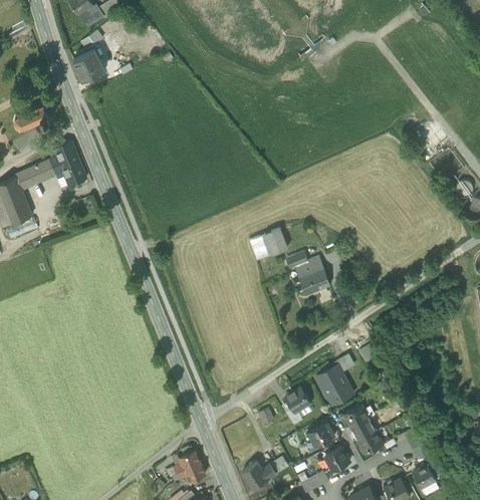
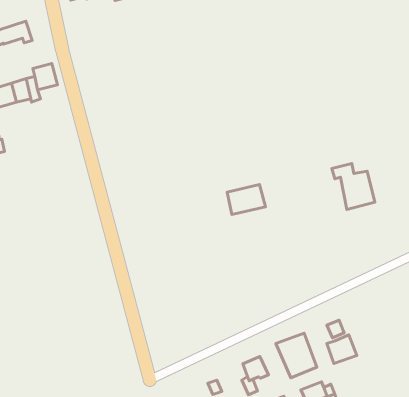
building: [60,161,85,186] -> none
building: [285,253,329,296] -> [332,164,375,209]
building: none -> [327,335,357,364]

